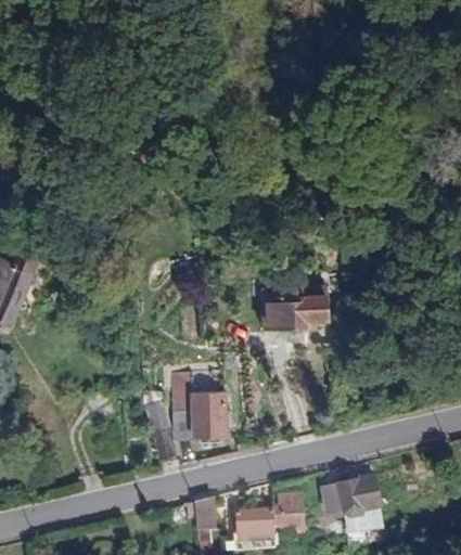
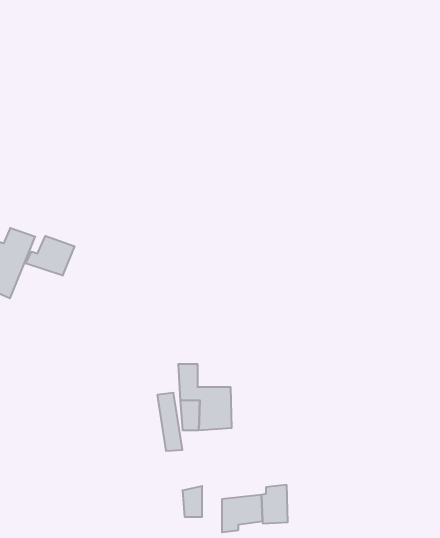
building: none -> [26,236,75,276]
building: [264,280,324,325] -> none
building: [335,479,364,515] -> none

